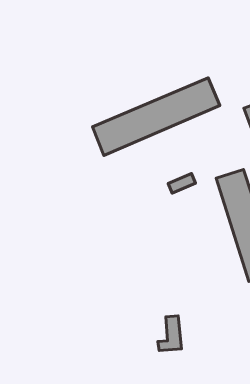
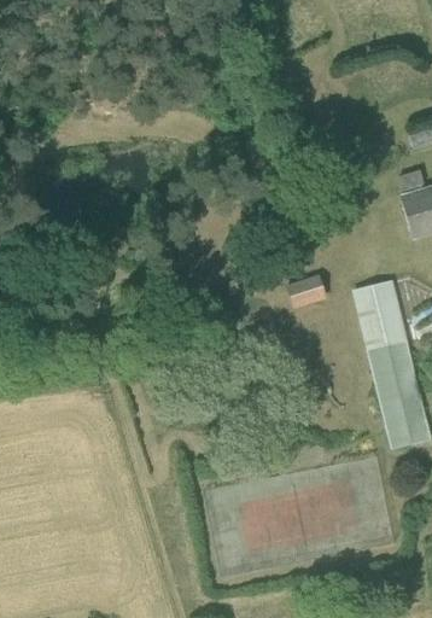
building: [92,78,220,155] -> none

